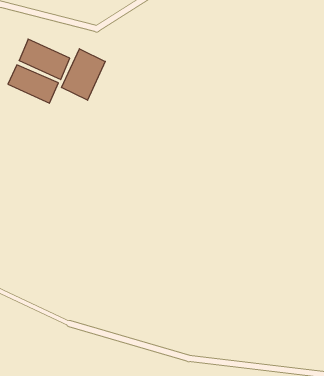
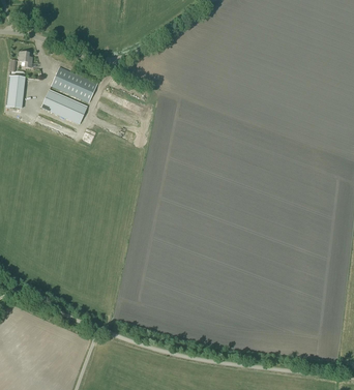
building: [62,49,105,100] -> none

